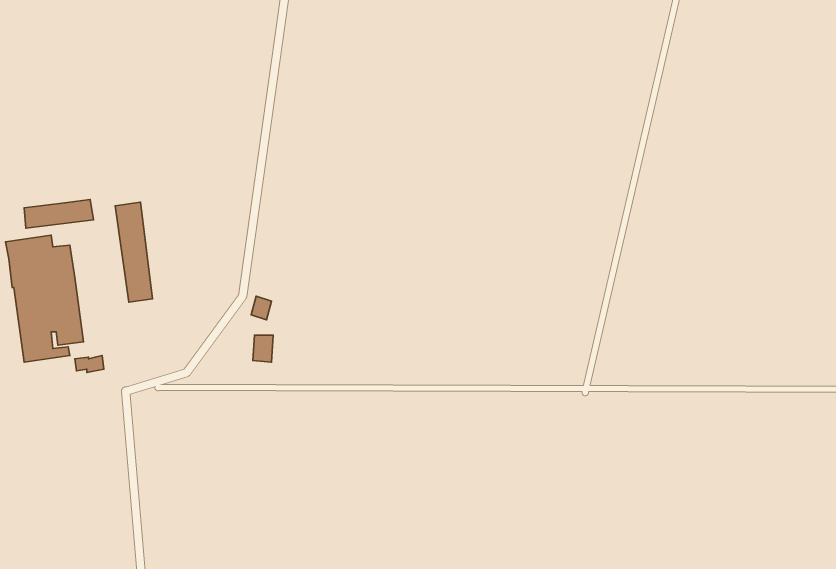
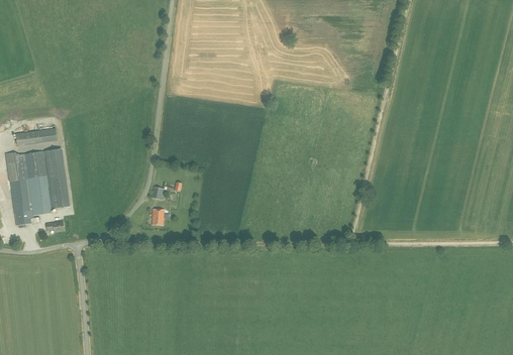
building: [115,202,152,302] -> [44,148,67,208]

